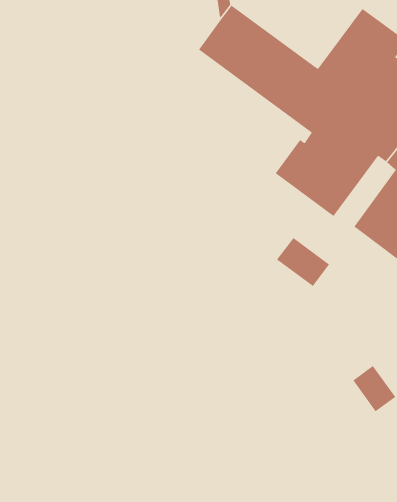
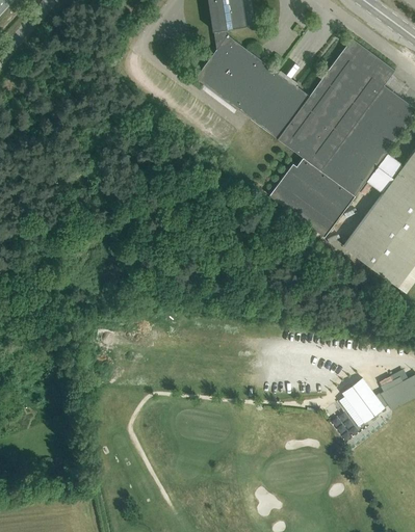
building: [276,237,330,287] -> none

